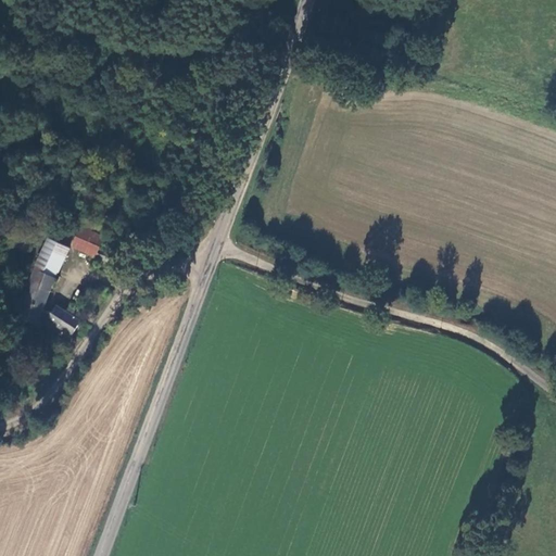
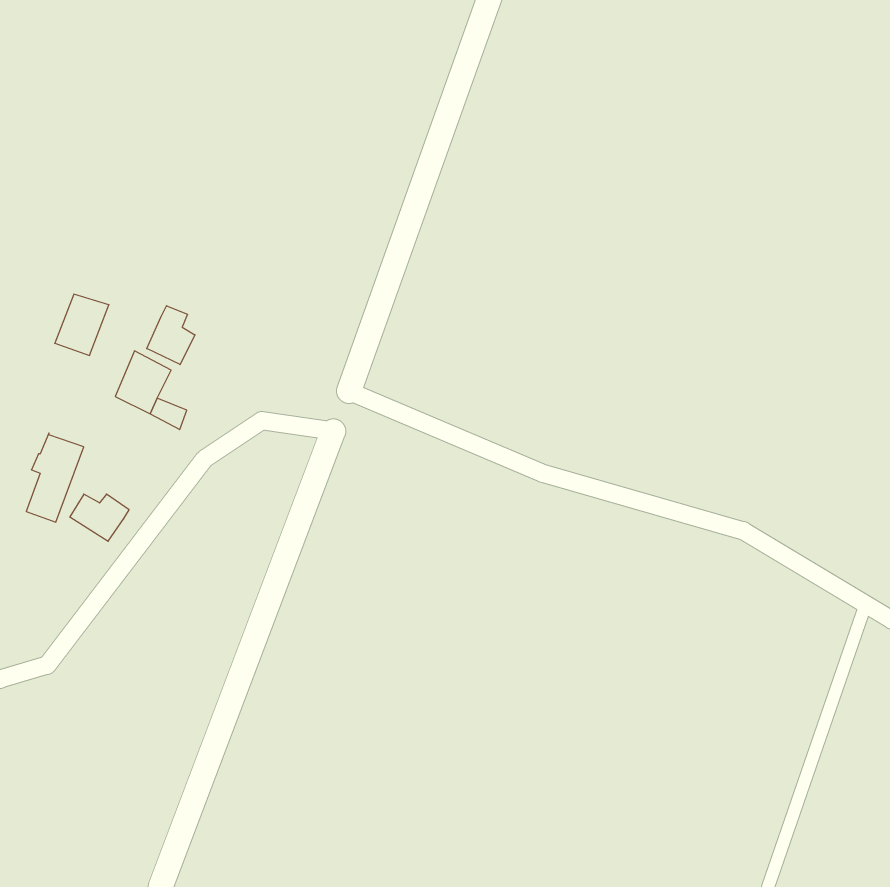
building: none -> [147,306,195,365]
building: [31,240,65,278] -> [55,294,109,355]

